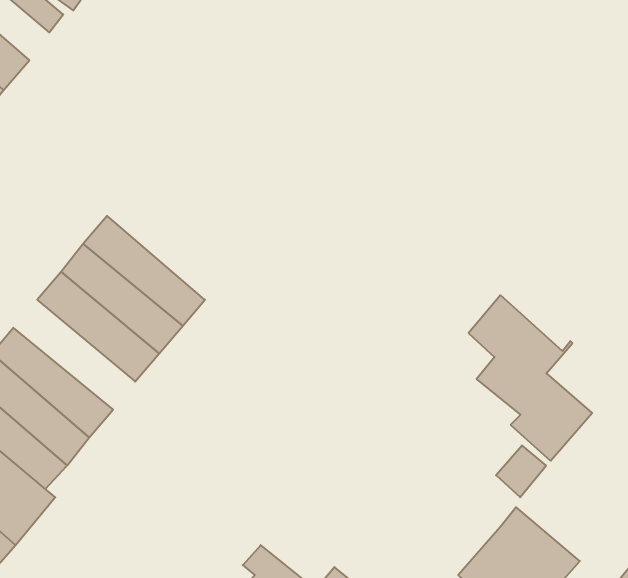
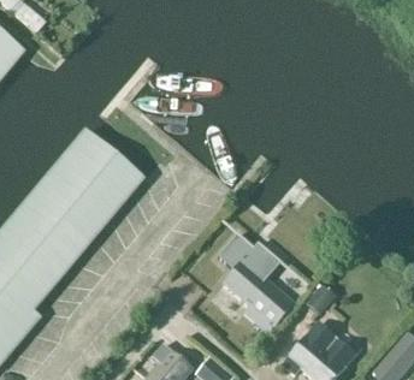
building: none -> [70,127,144,196]
building: [469,295,592,461] -> [218,232,292,332]
building: none -> [13,196,87,262]

